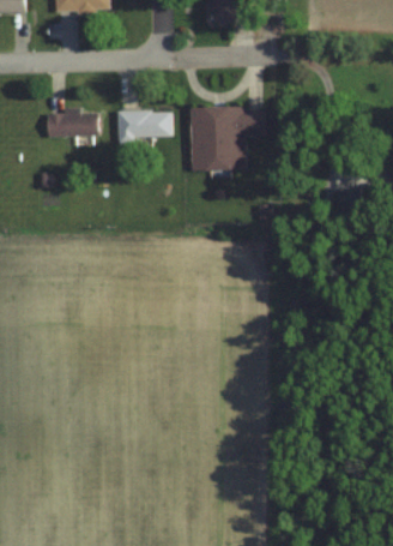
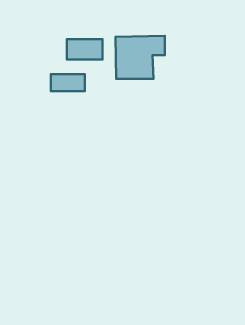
building: [46,110,96,136] -> [51,74,85,91]

